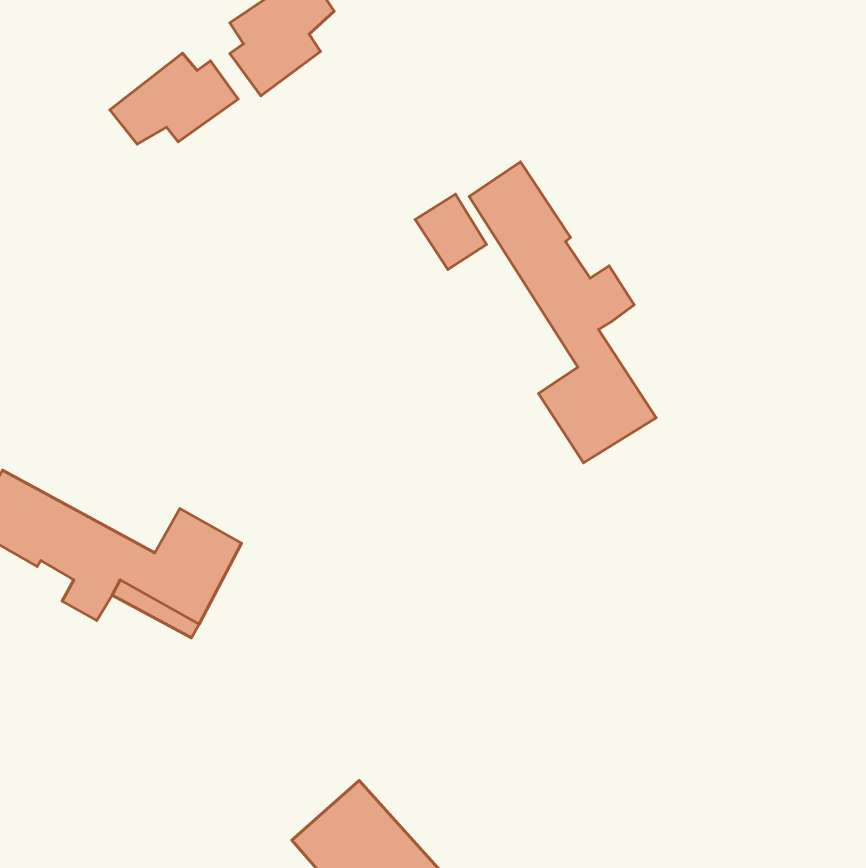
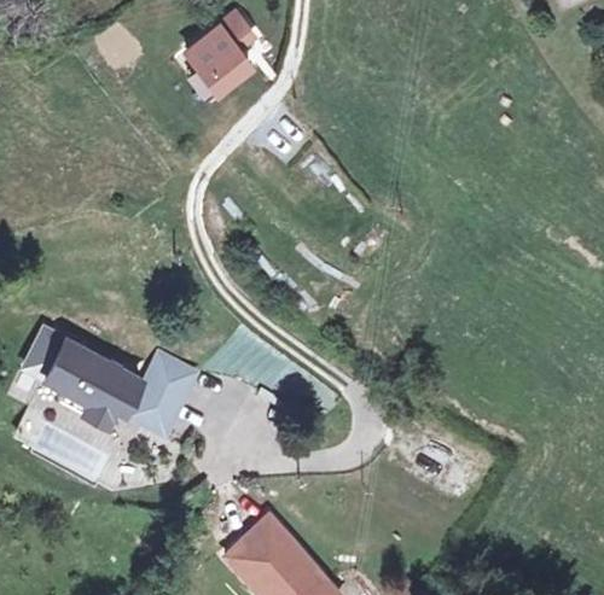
building: [110,53,238,144] -> none
building: [469,162,656,463] -> none

